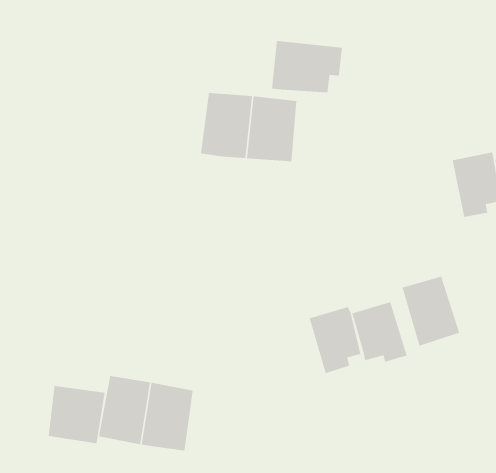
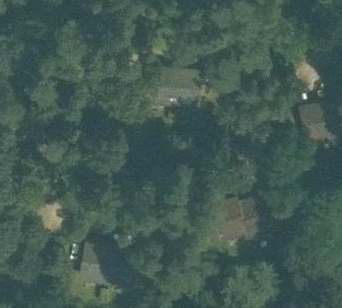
building: [272,40,342,93] -> none
building: [402,276,460,347] -> none
building: [48,385,105,444] -> none

